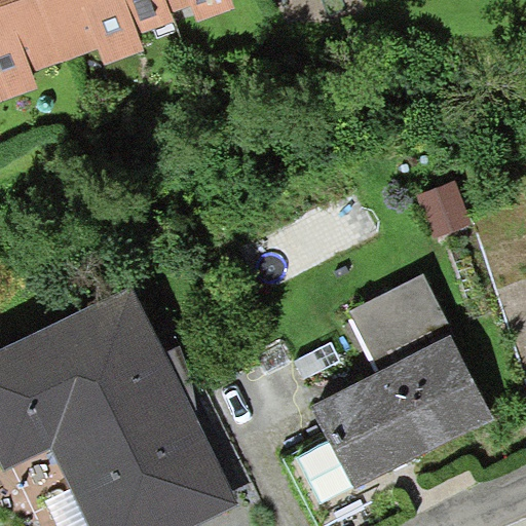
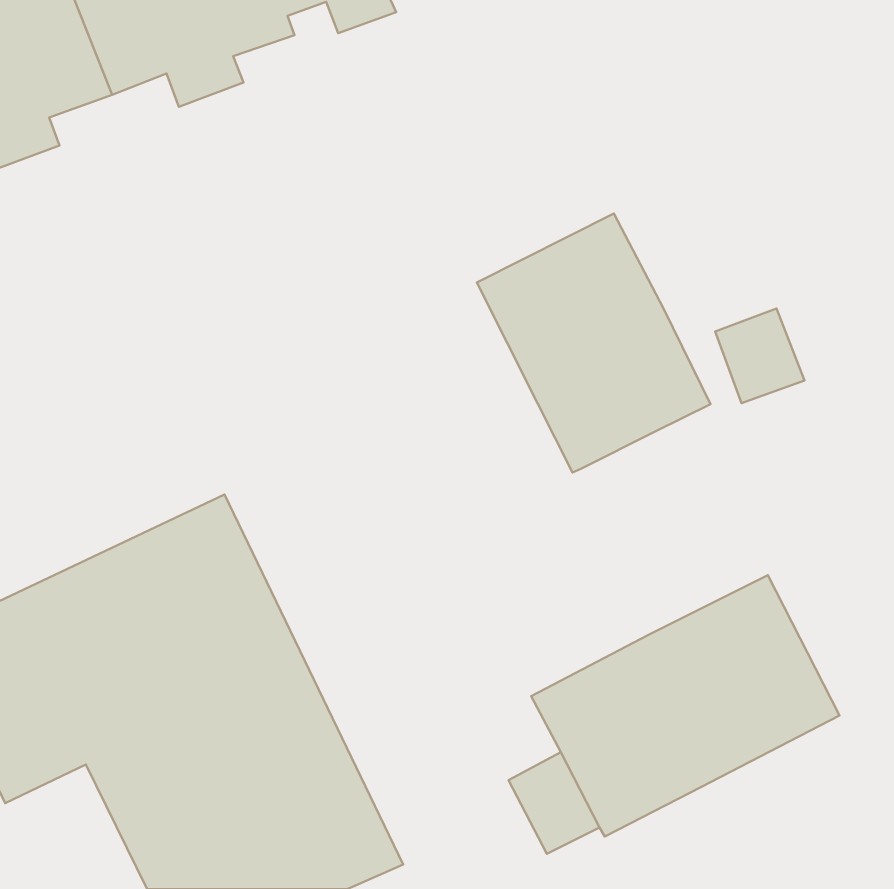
building: none -> [477,213,711,473]
building: [349,274,454,372] -> none

